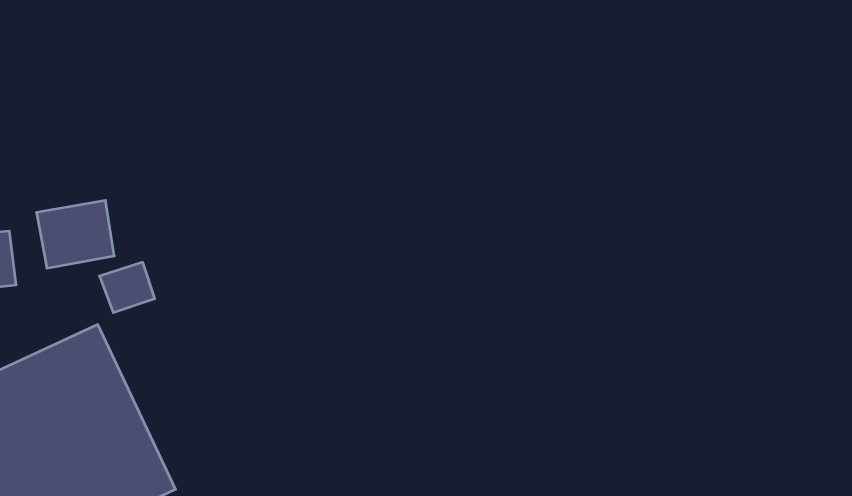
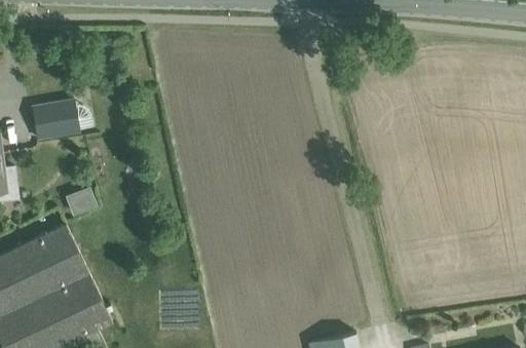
building: [36,200,114,268] -> [31,100,77,140]

